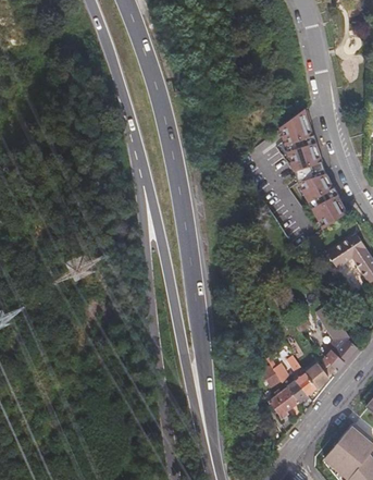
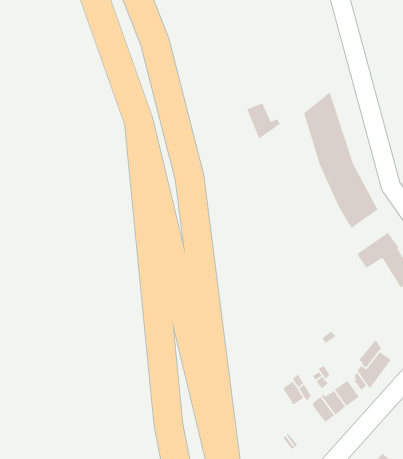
building: none -> [246,103,281,140]
building: [269,387,299,419] -> none

